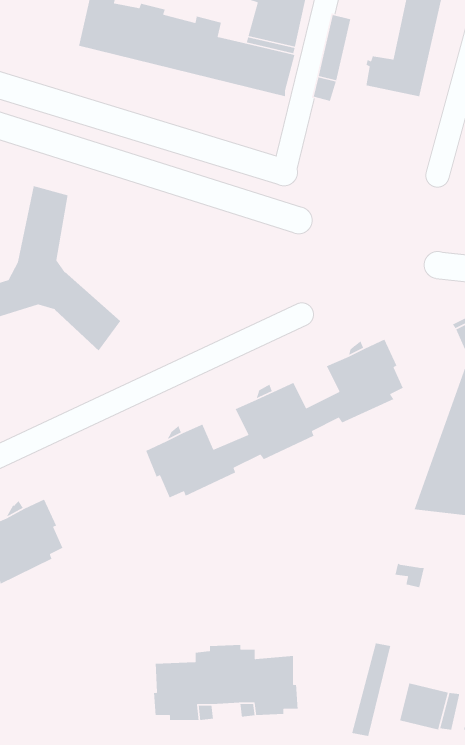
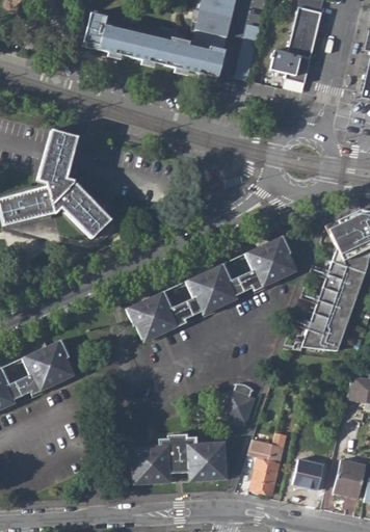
building: none -> [220,382,256,424]
building: none -> [249,438,273,491]

